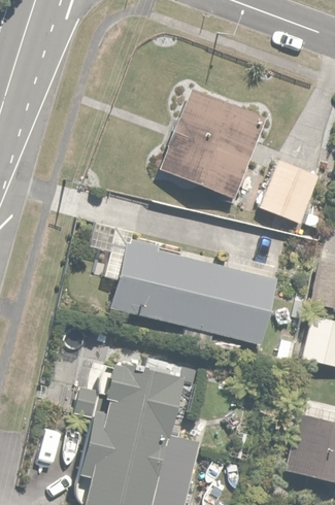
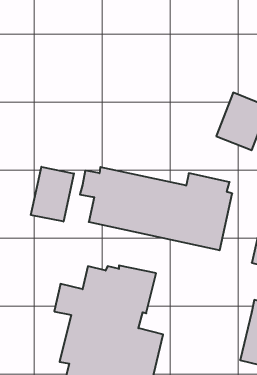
building: [161,87,268,200] -> none
building: none -> [31,167,74,222]

